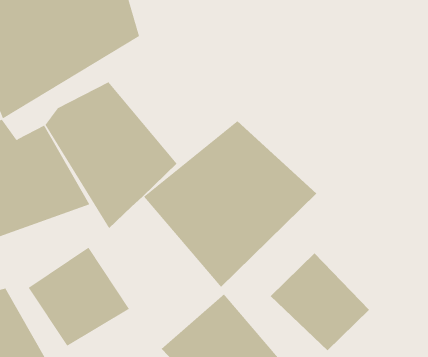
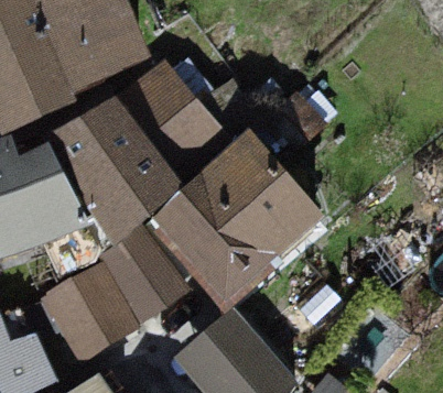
building: none -> [118,55,223,167]
building: none -> [98,225,186,326]
building: [270,253,370,351] -> none

